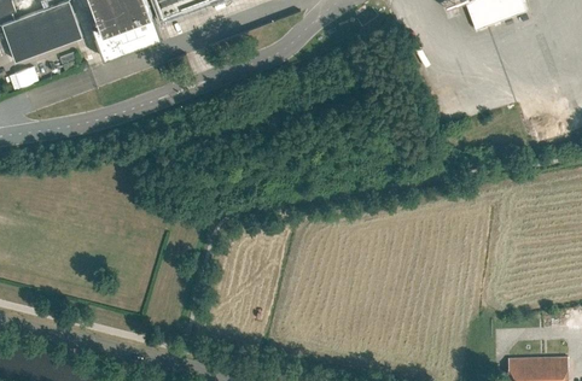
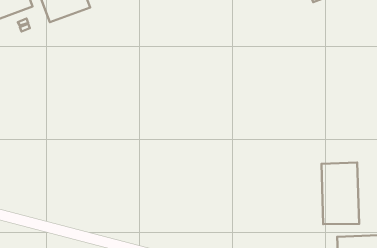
building: none -> [321,163,359,224]

